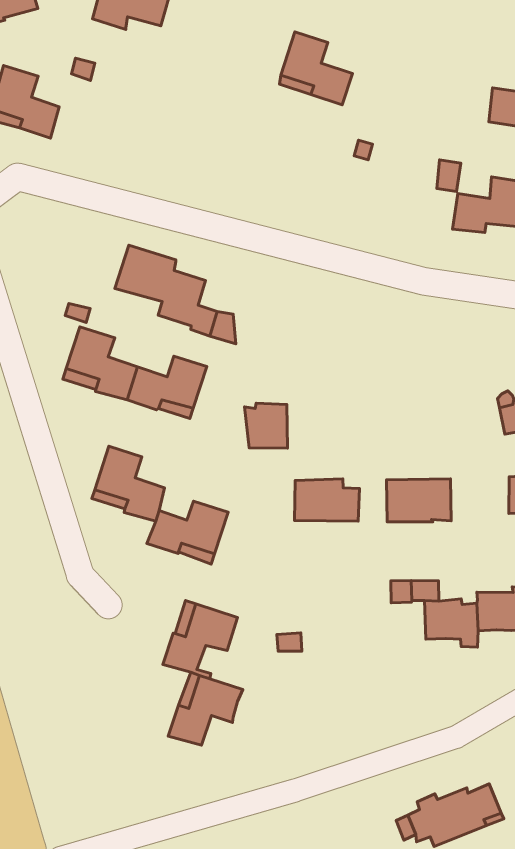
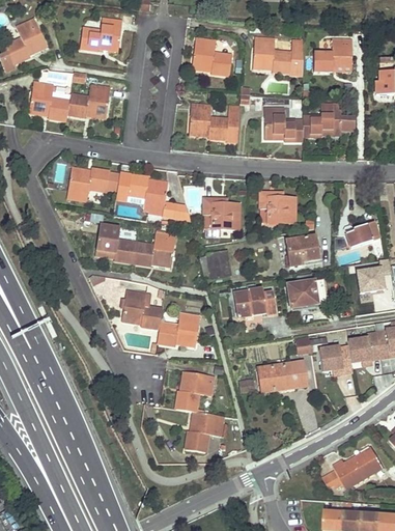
building: none -> [253,37,292,73]
building: none -> [68,85,111,117]
building: none -> [190,104,241,141]
building: none -> [264,108,303,141]
building: none -> [66,168,110,200]
building: none -> [204,198,238,229]
building: none -> [259,192,295,222]
building: none -> [286,235,318,266]
building: none -> [259,361,306,391]

